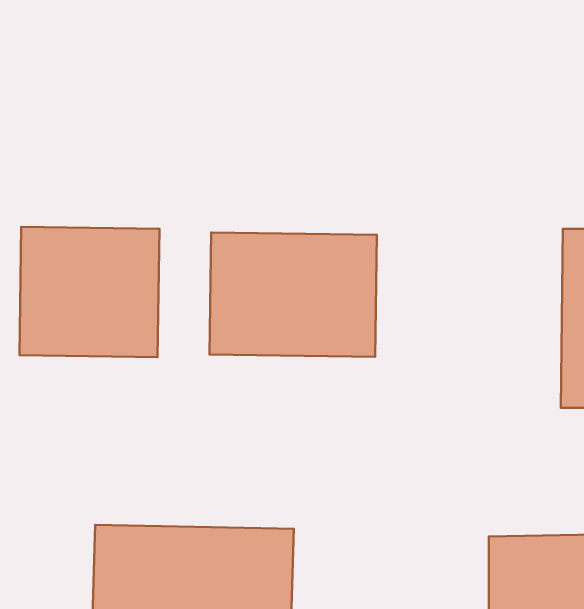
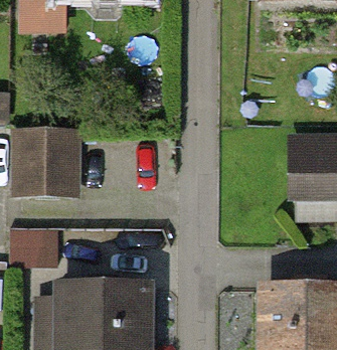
building: [209,233,377,357] -> none

